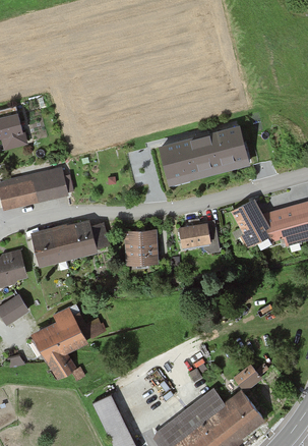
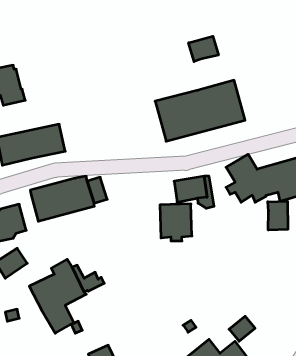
building: none -> [189,36,218,62]
building: [125,231,158,269] -> [160,204,192,241]
building: none -> [268,201,288,230]

